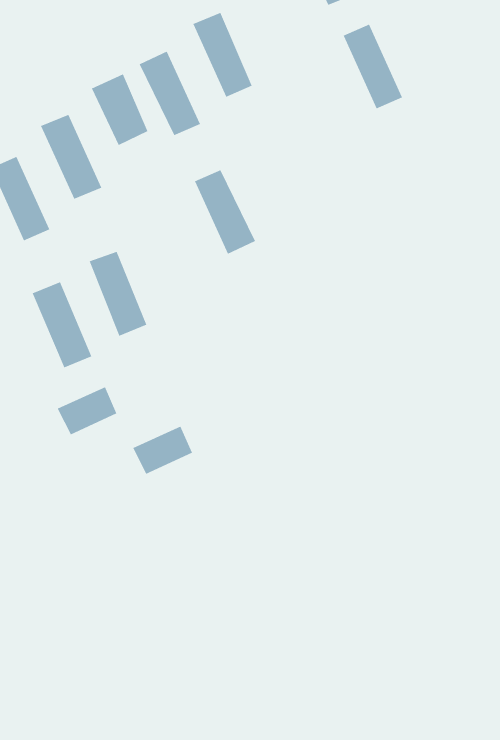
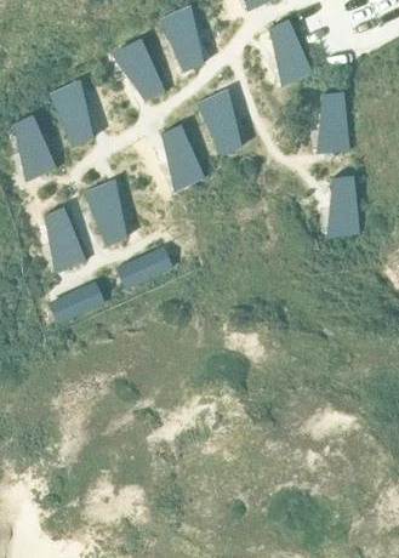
building: [91,73,148,146] -> none
building: none -> [321,92,349,153]
building: none -> [196,93,241,156]
building: none -> [331,176,359,235]
building: [132,426,193,474] -> [115,254,159,289]

